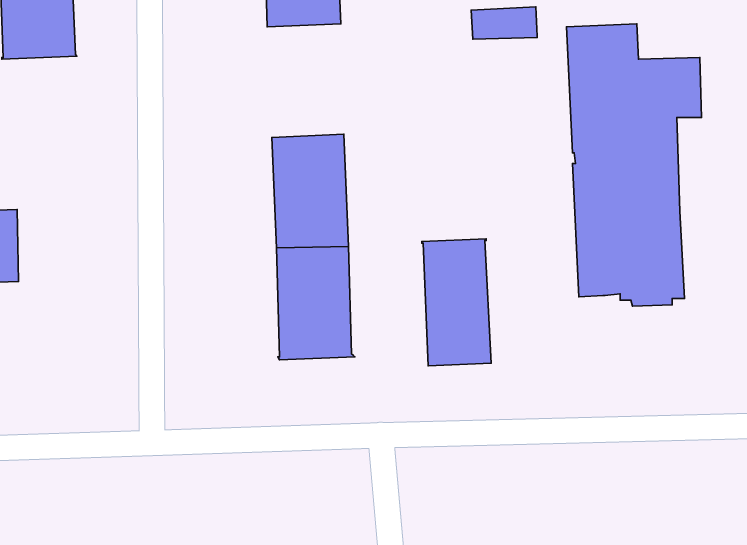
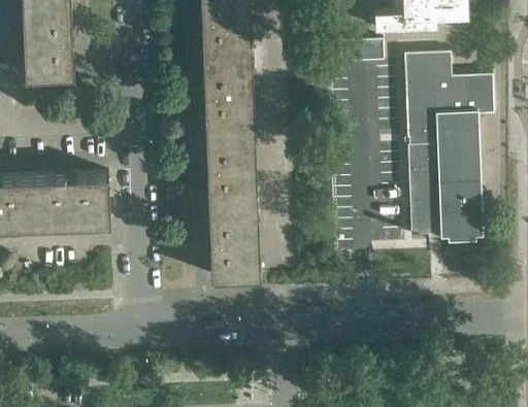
building: none -> [202,56,254,132]
building: none -> [34,176,110,229]
building: [422,239,491,366] -> none

